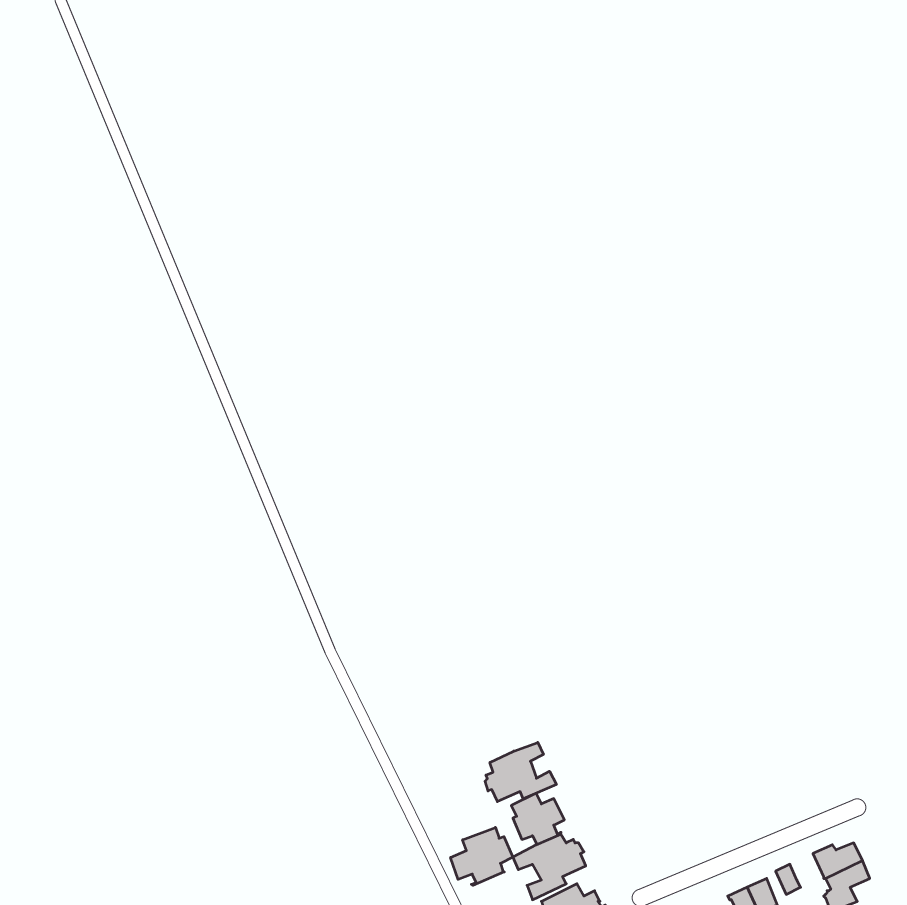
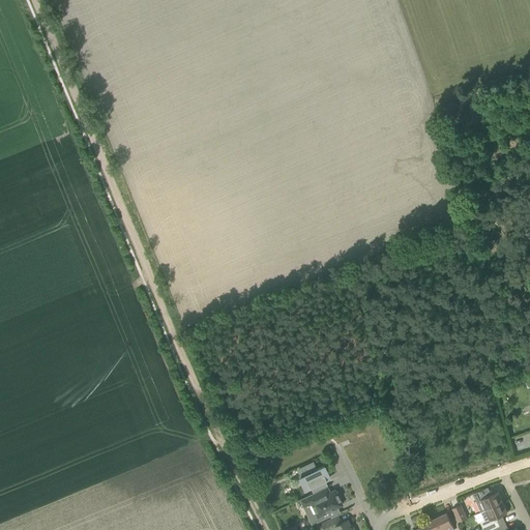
building: [485,742,556,802] -> none
building: [451,827,513,885] -> none

